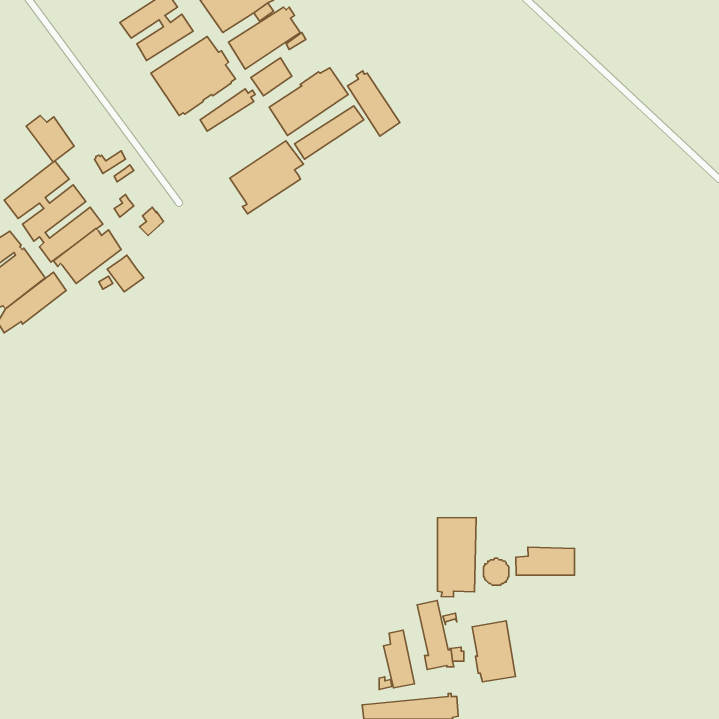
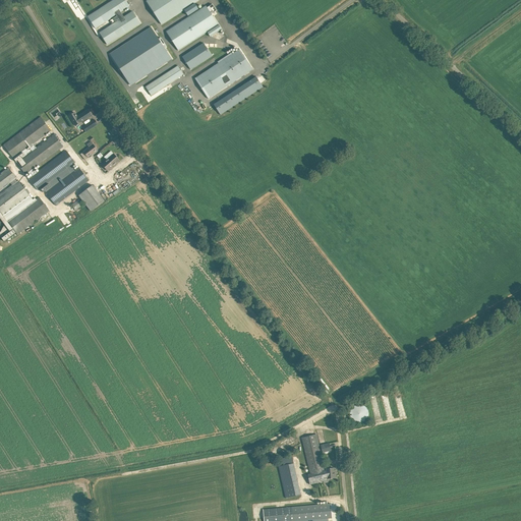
building: [347,71,400,136] -> none
building: [26,115,74,162] -> none
building: [230,141,304,214] -> none
building: [437,518,476,597] -> none
building: [516,547,575,575] -> none
building: [472,621,515,682] -> none

